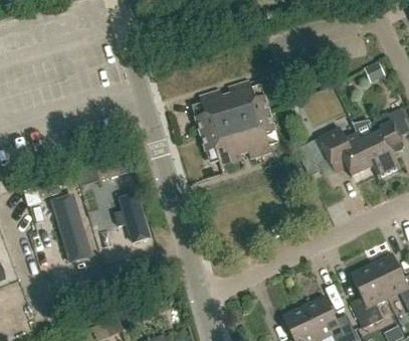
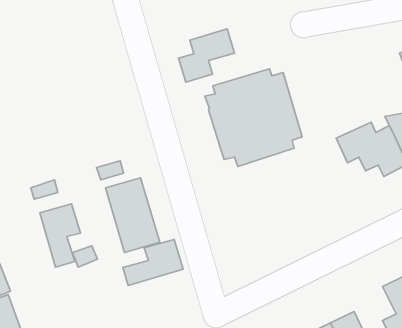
building: none -> [179,29,235,82]
building: none -> [123,239,183,286]

